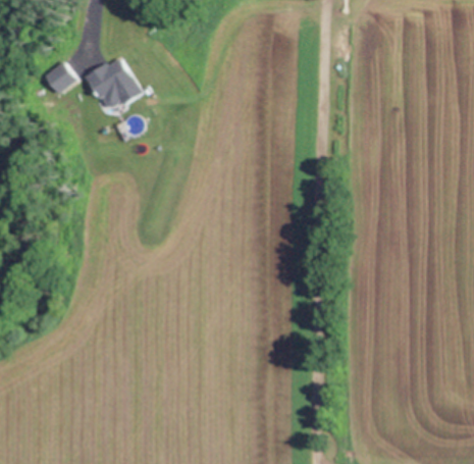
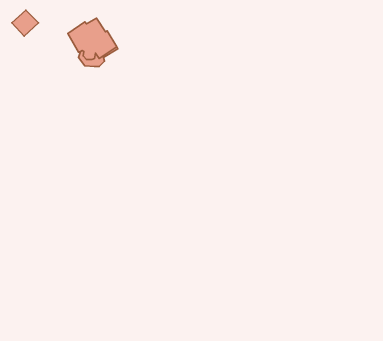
building: [49,61,80,91] -> [12,10,38,36]

